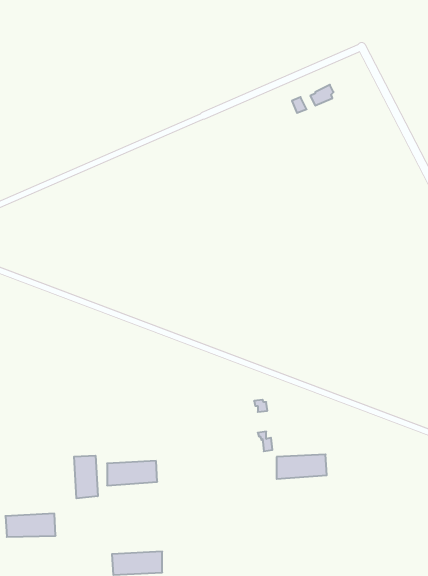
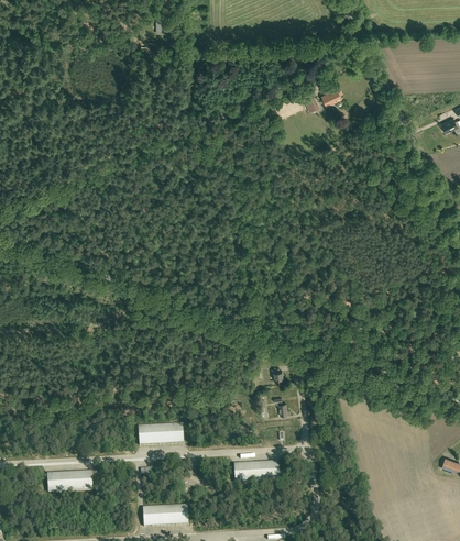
building: [277,454,327,479] -> [234,460,280,482]
building: [74,456,98,498] -> none

